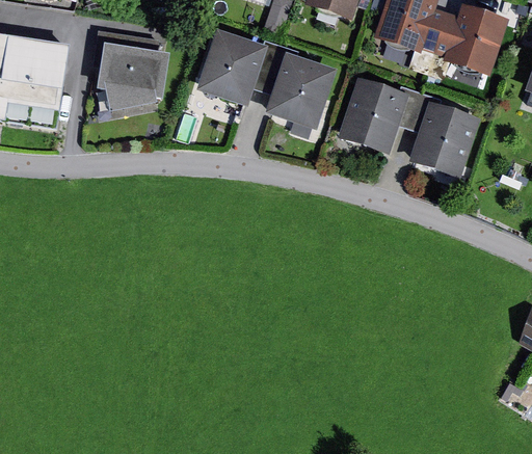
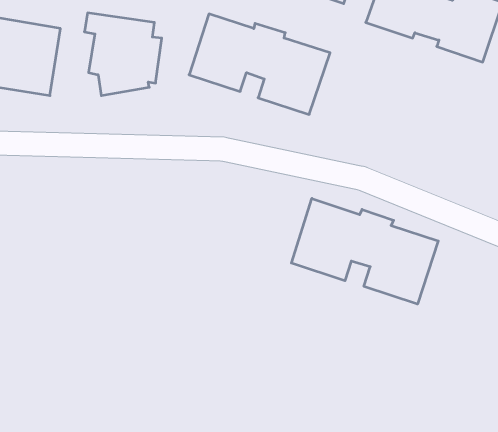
building: [339,77,478,178] -> none
building: none -> [291,198,438,304]

